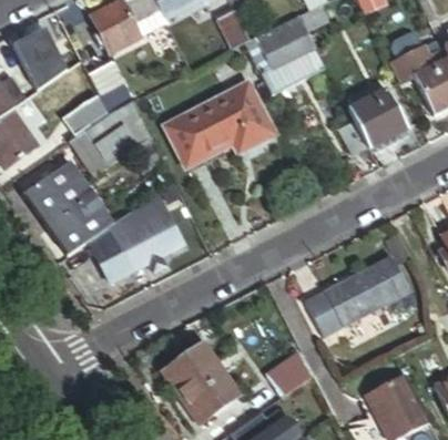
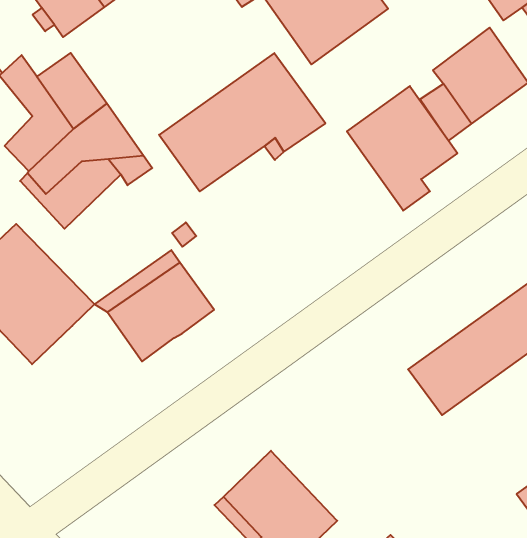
building: none -> [347,86,457,211]
building: [89,228,131,280] -> none
building: [267,355,314,398] -> none

